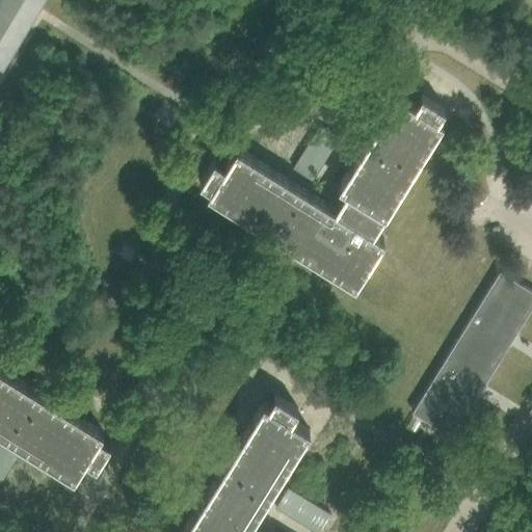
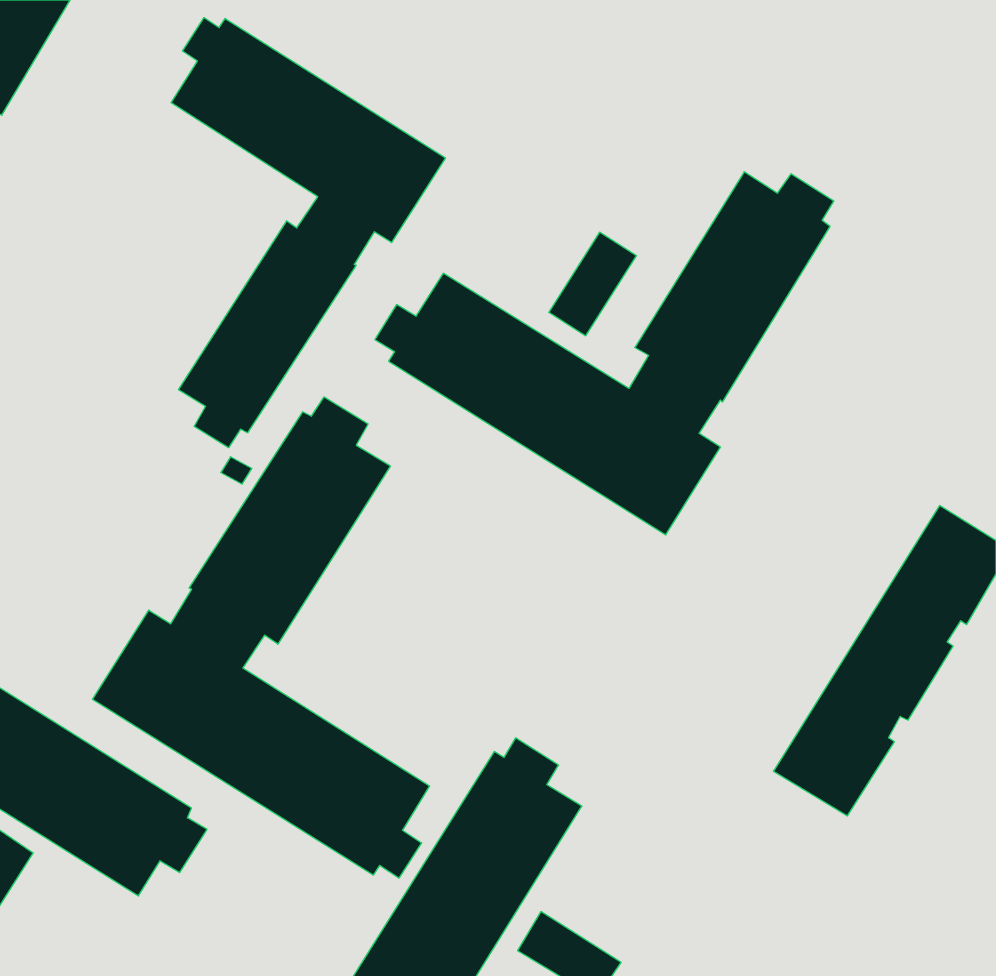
building: none -> [171,18,445,448]
building: none -> [93,397,430,878]

